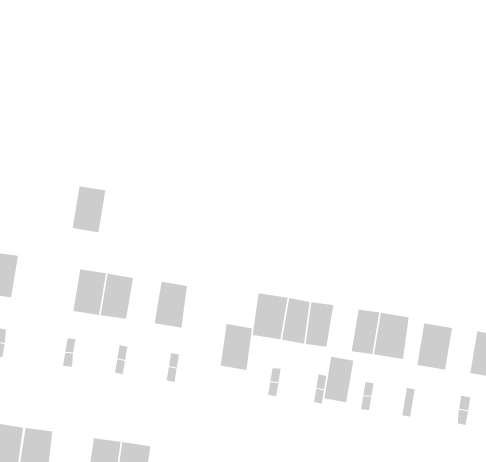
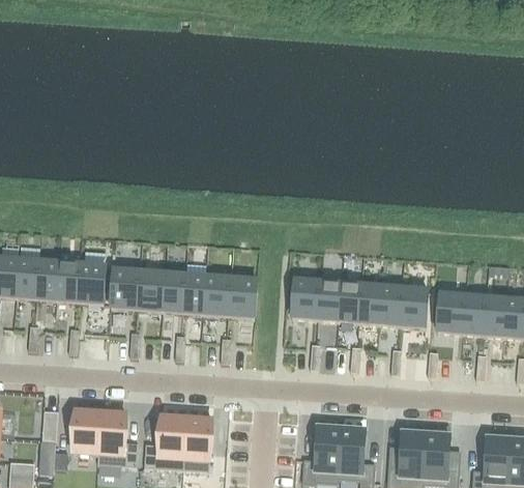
building: [72,186,106,233] -> [110,267,137,307]
building: none -> [80,262,105,302]
building: none -> [181,274,208,312]
building: [220,323,253,370] -> [230,277,256,316]
building: none -> [462,294,486,333]
building: [324,356,354,403] -> [357,283,381,322]

